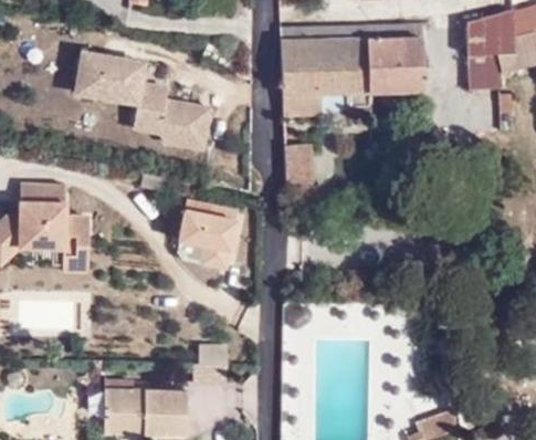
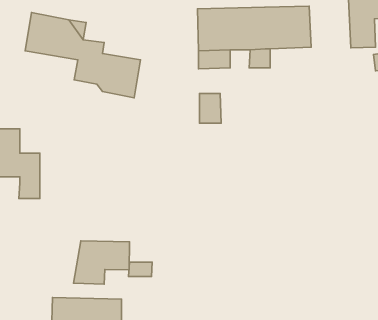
building: [178,209,240,274] -> none
building: none -> [74,241,130,284]

